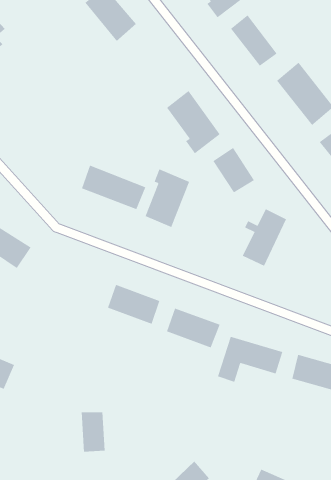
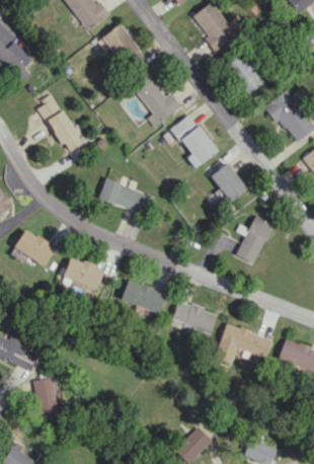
building: none -> [133,74,181,128]
building: none -> [37,95,82,151]
building: [145,168,190,228] -> none
building: none -> [63,256,104,290]
building: [81,412,106,452] -> [35,379,57,413]

